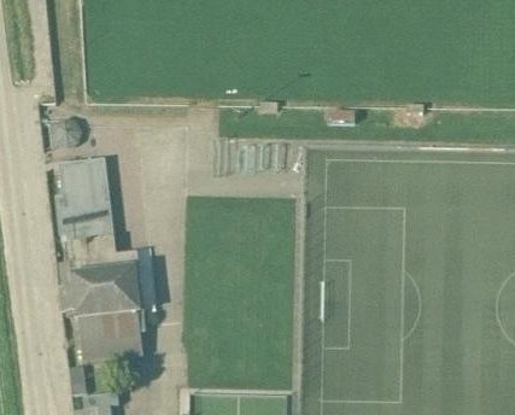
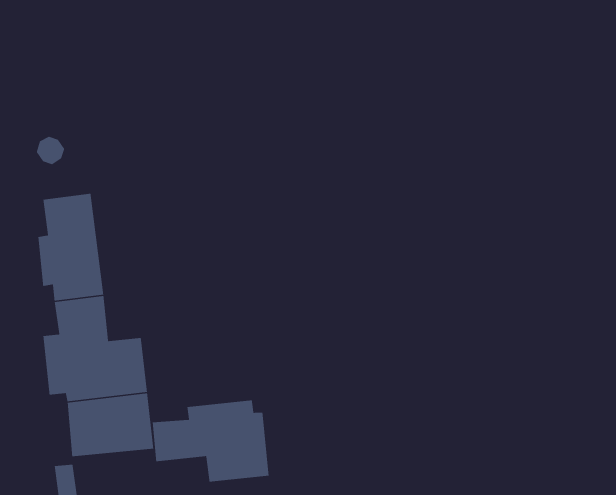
building: none -> [152,399,270,482]

